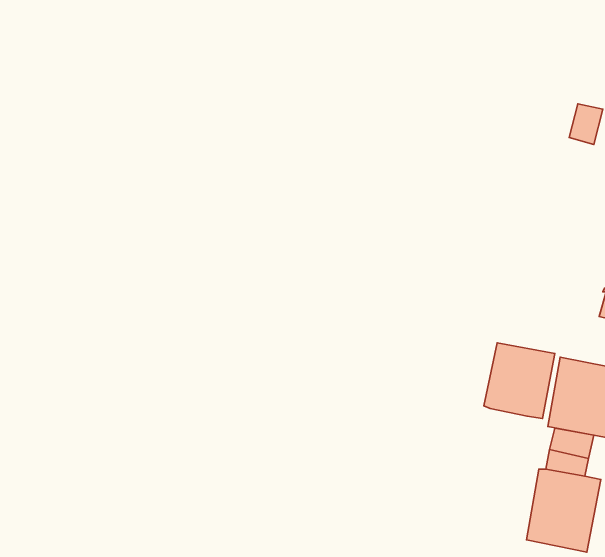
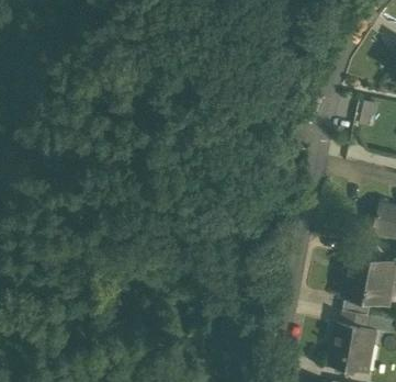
building: [484,343,555,419] -> none

